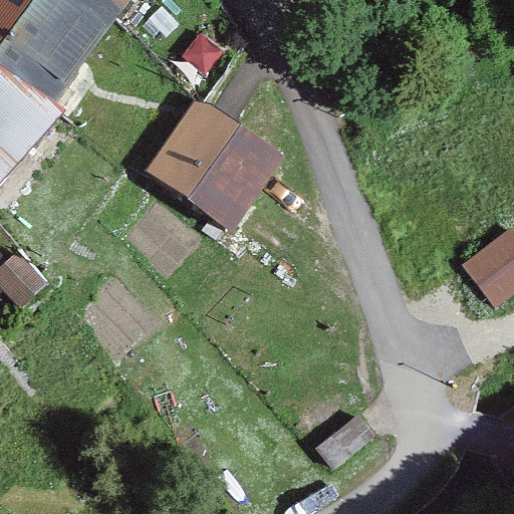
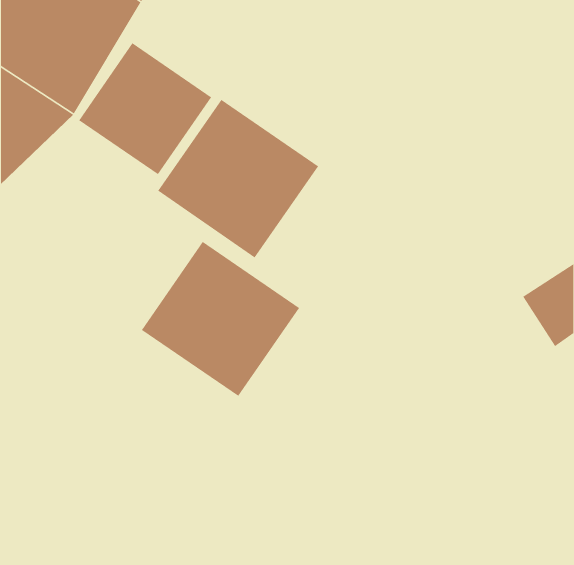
building: none -> [78,42,212,175]
building: none -> [141,241,300,397]

